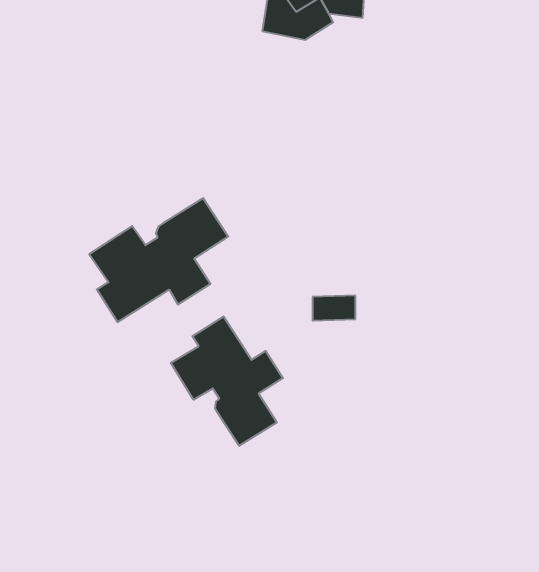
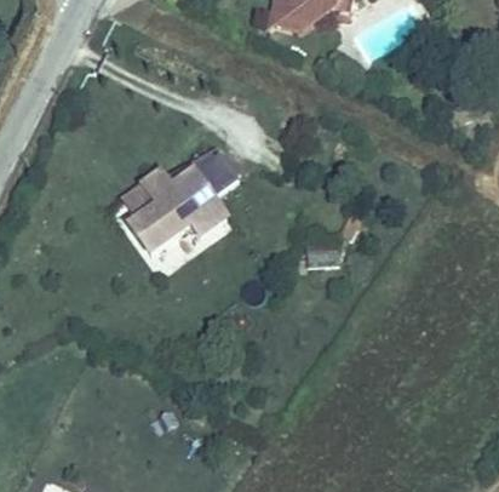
building: [171,316,283,446] -> none

